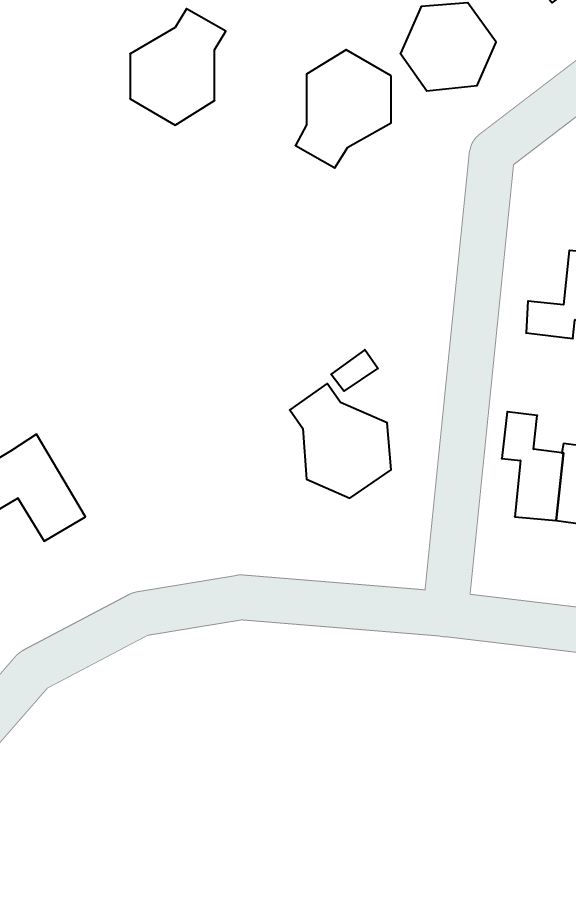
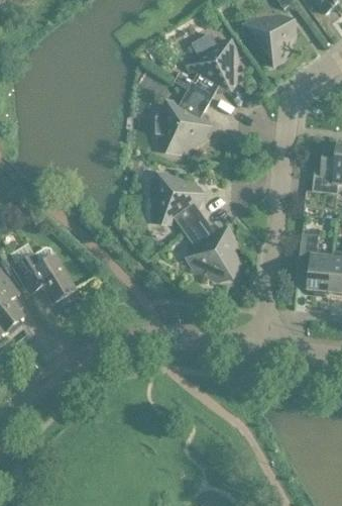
building: [130,9,226,125] -> [157,88,209,150]
building: none -> [149,169,205,230]

